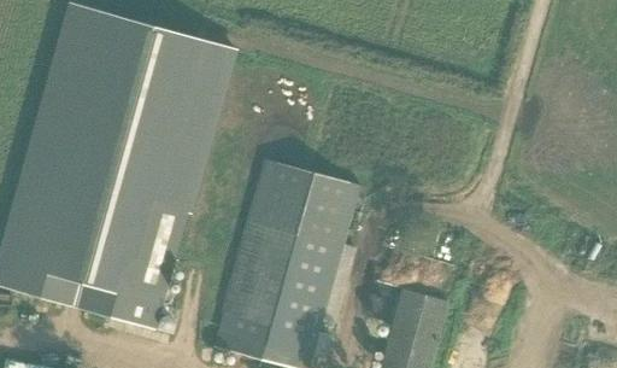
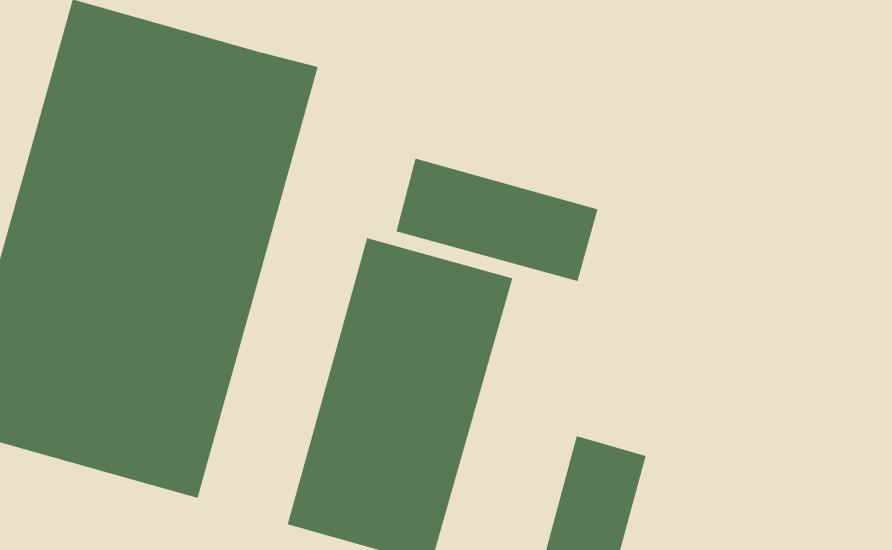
building: none -> [396,158,598,282]

